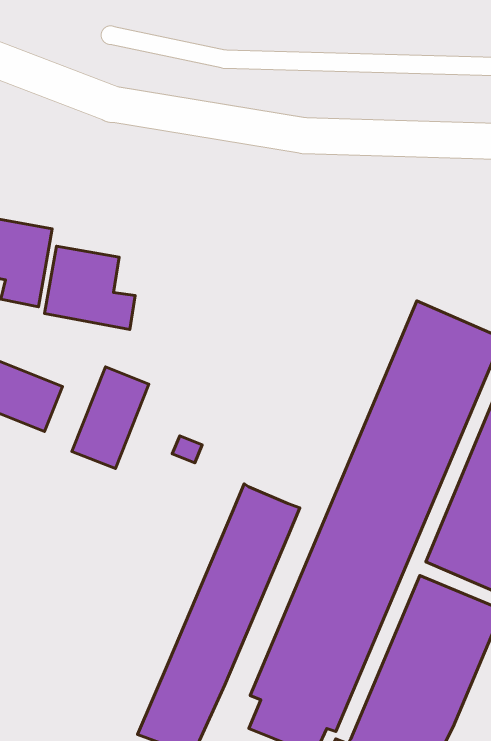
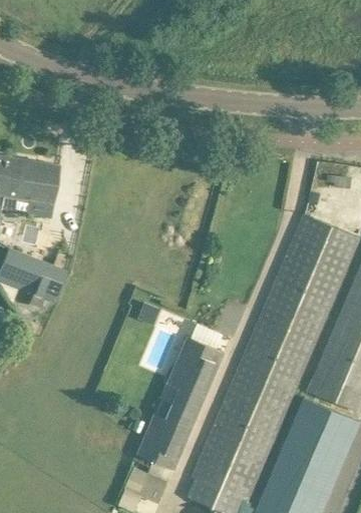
building: [44,246,135,329] -> none
building: [72,367,149,469] -> none

